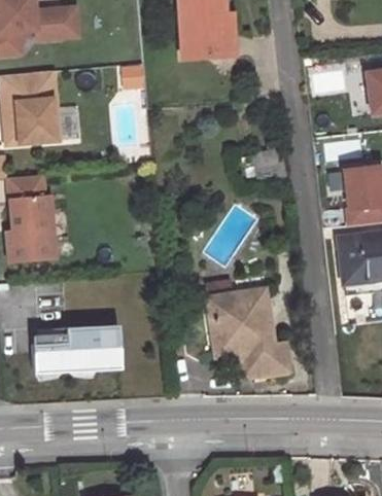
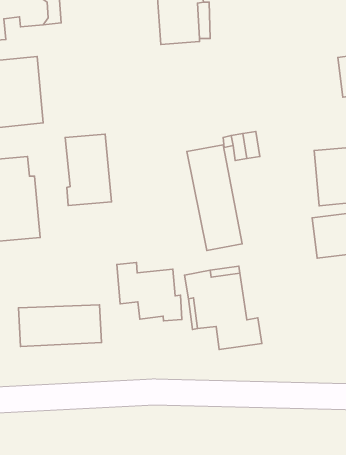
building: none -> [65,134,111,206]
building: none -> [187,145,242,251]
building: none -> [117,263,182,321]

